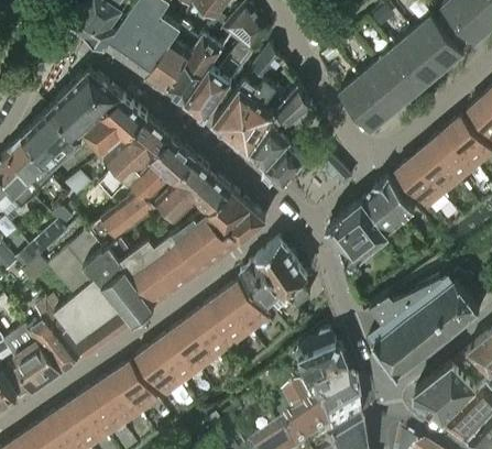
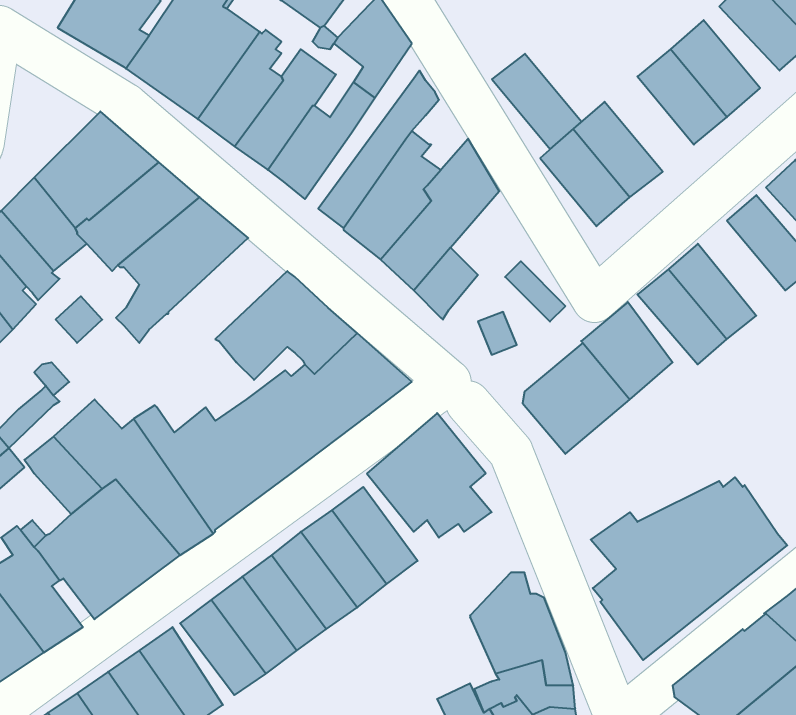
building: [375,47,426,101] -> [492,54,581,149]
building: [428,129,478,183] -> none
building: [86,139,196,247] -> none

